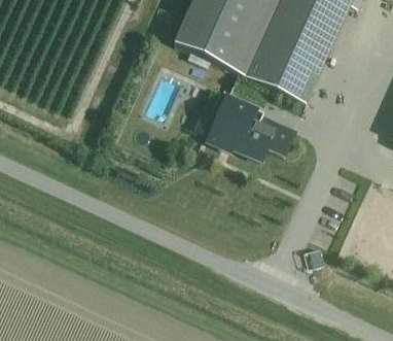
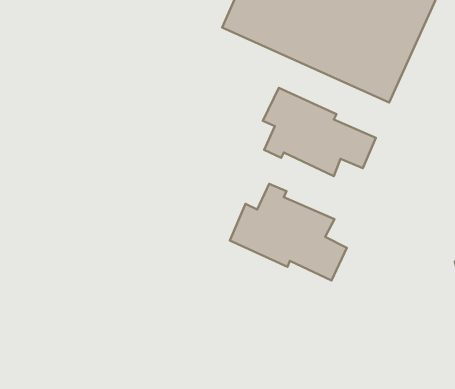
building: none -> [230,184,347,280]

